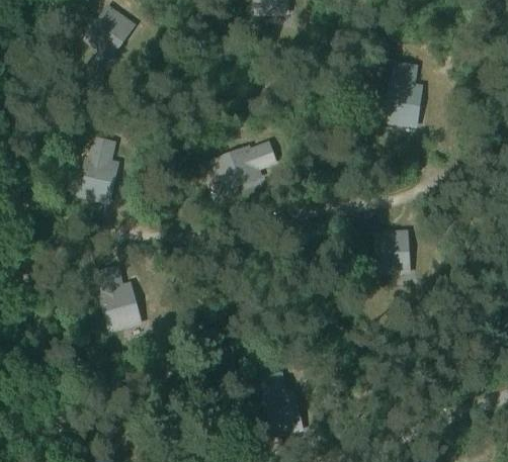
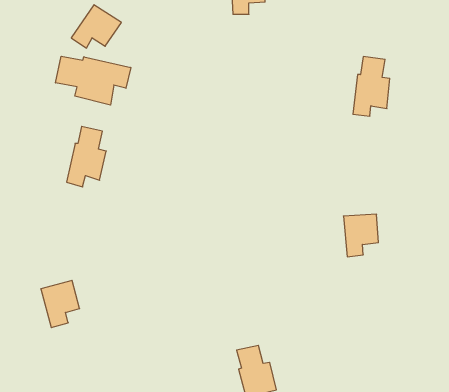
building: none -> [56,56,131,105]
building: [210,142,277,188] -> none
building: [98,282,140,333] -> [41,280,80,328]

